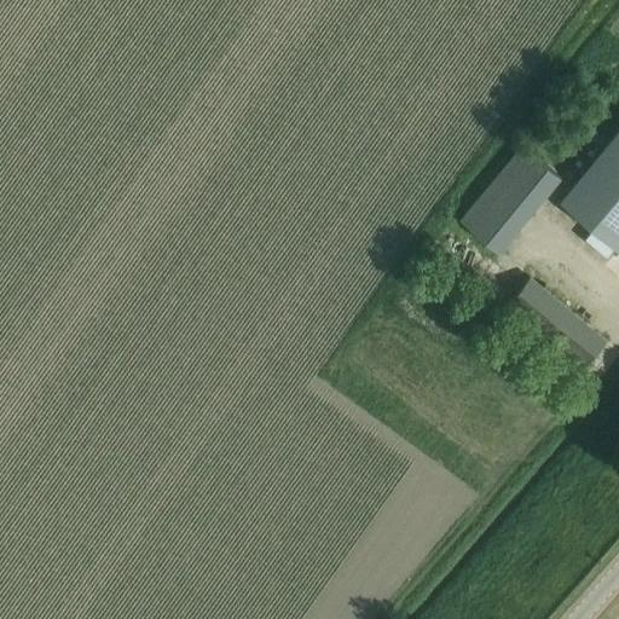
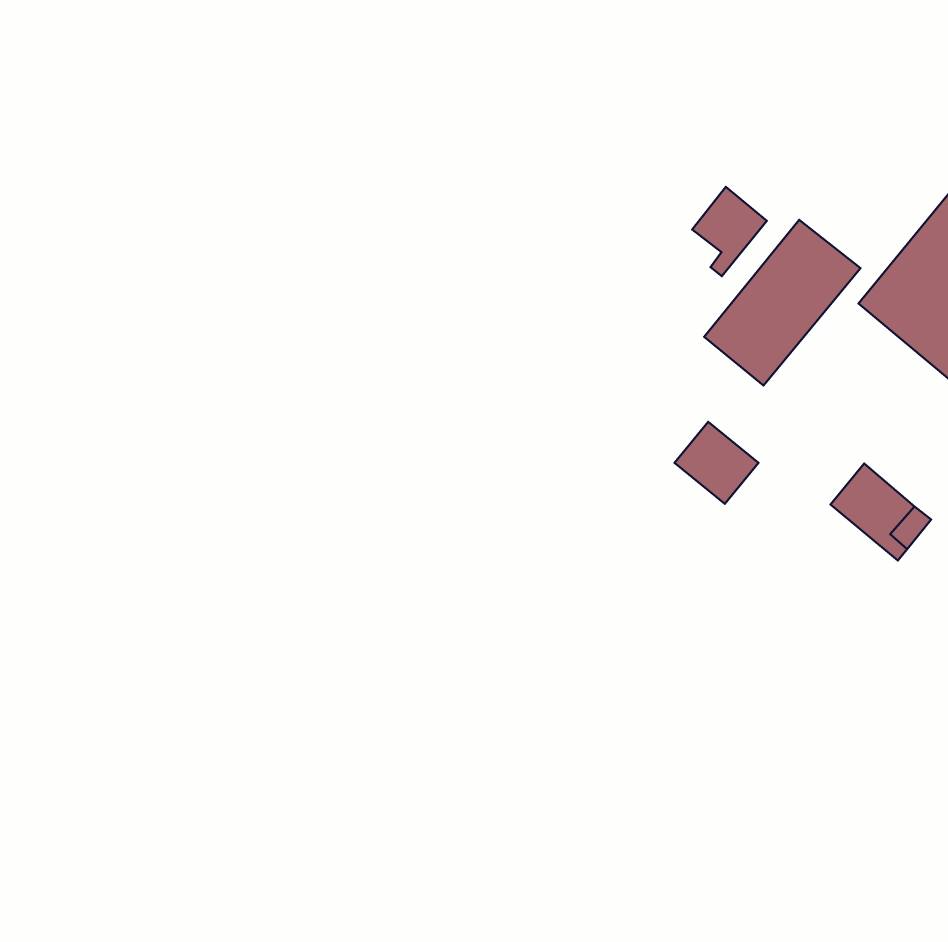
building: none -> [692,187,767,276]
building: [509,280,563,334] -> [675,422,758,504]

